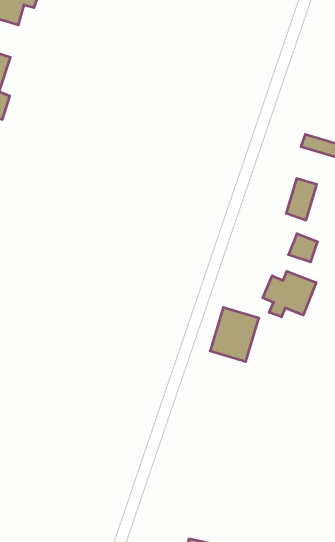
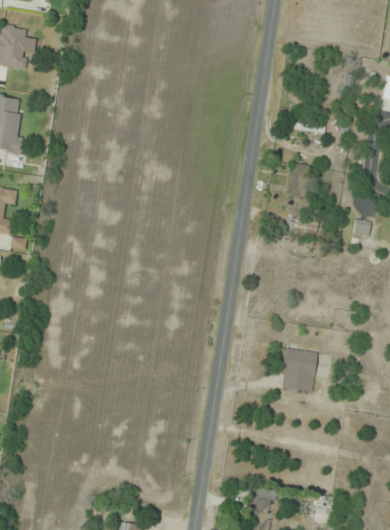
building: [263,271,316,317] -> none
building: [210,307,259,362] -> [279,348,318,392]

